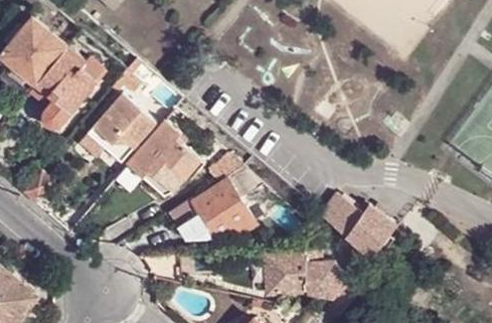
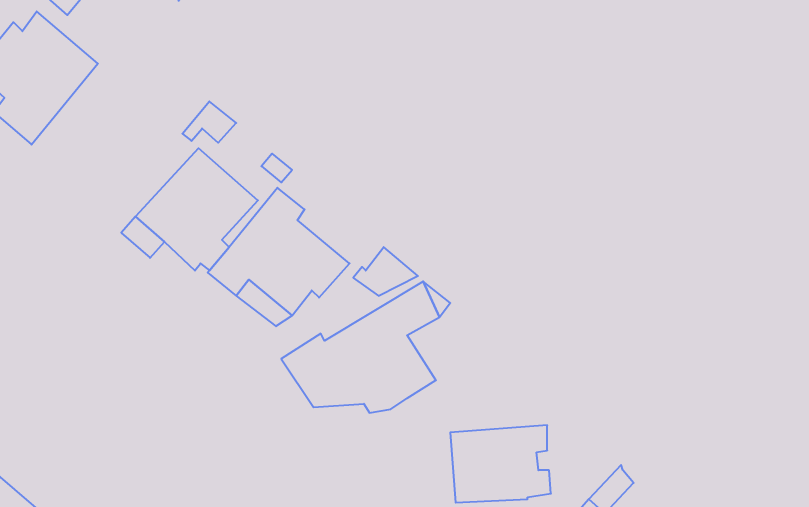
building: [29,46,104,128] -> none
building: [318,194,396,258] -> none

